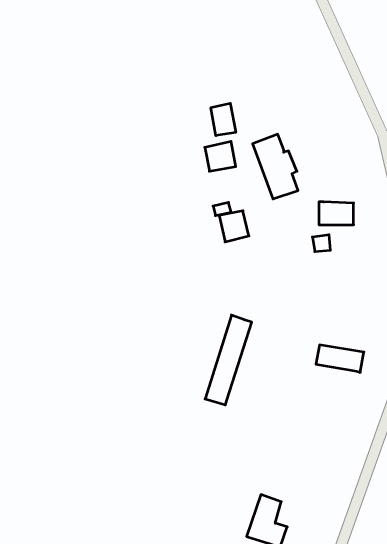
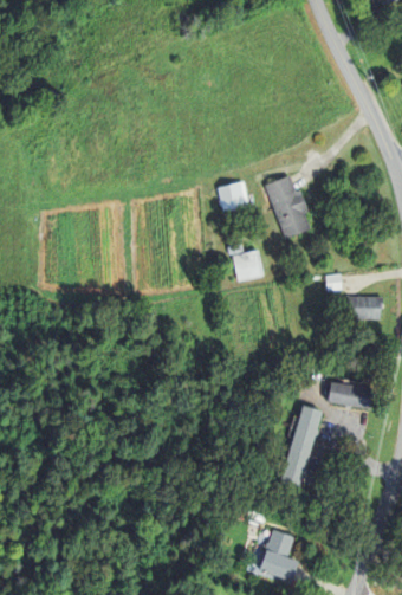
building: [211,103,236,136] -> none
building: [319,202,354,225] -> [348,296,382,318]
building: [205,315,252,405] -> [278,405,324,493]

